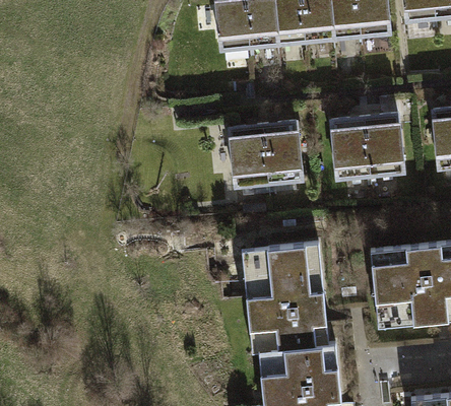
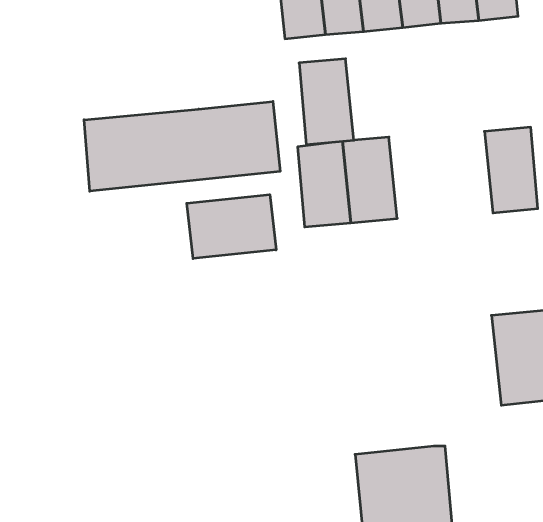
building: none -> [84,101,280,191]
building: [330,117,370,179] -> [299,59,354,144]
building: none -> [187,195,276,259]
building: [253,242,327,351] -> none

